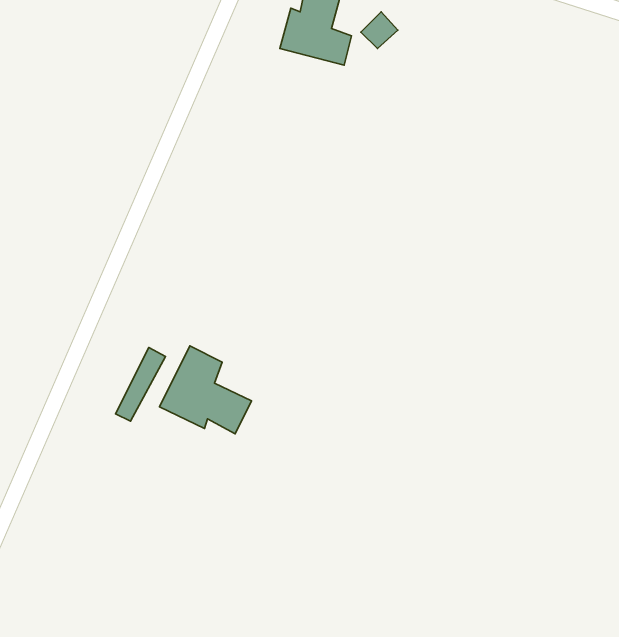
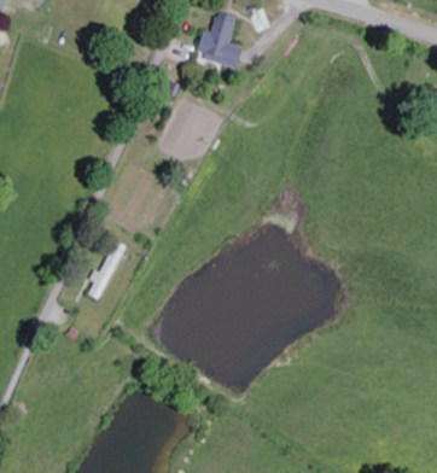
building: [159,346,251,434] -> none

